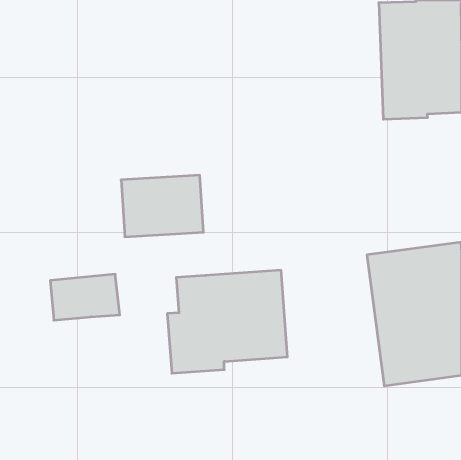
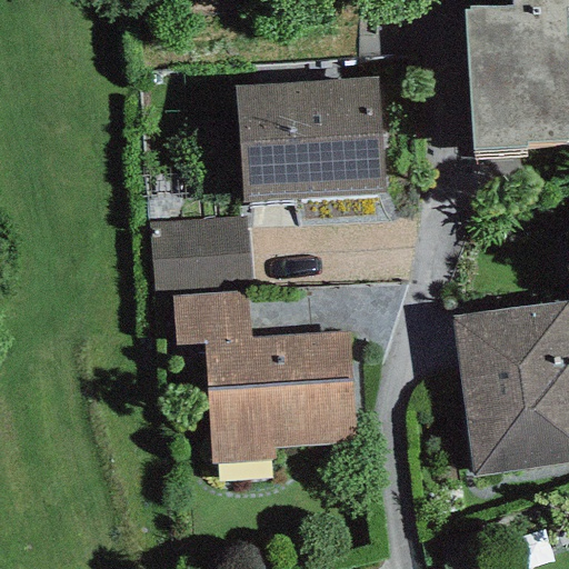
building: none -> [236,77,386,200]
building: [50,274,120,320] -> [168,291,253,348]

